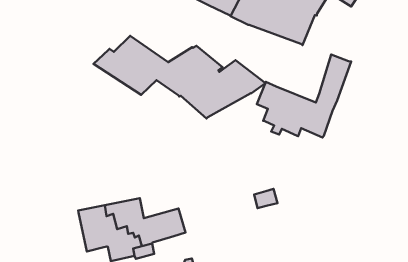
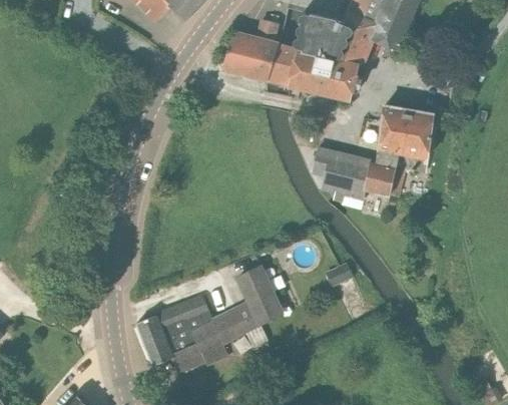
building: [93,36,265,118] -> none
building: none -> [391,108,433,196]
building: none -> [234,265,284,326]

